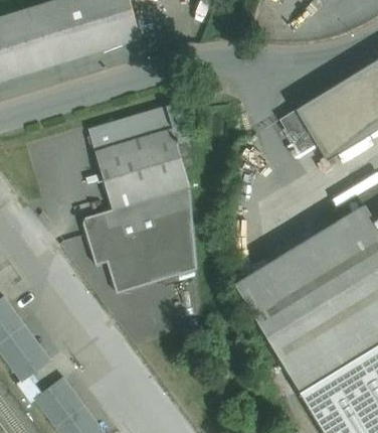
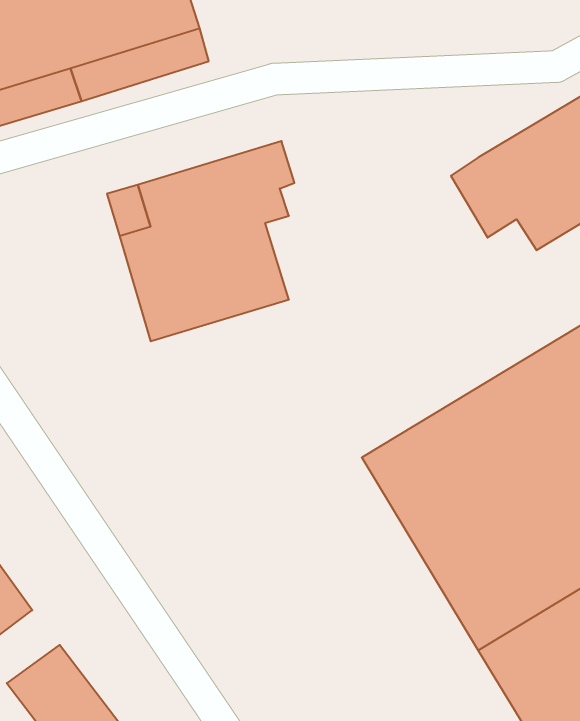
building: [83,187,198,294] -> none

